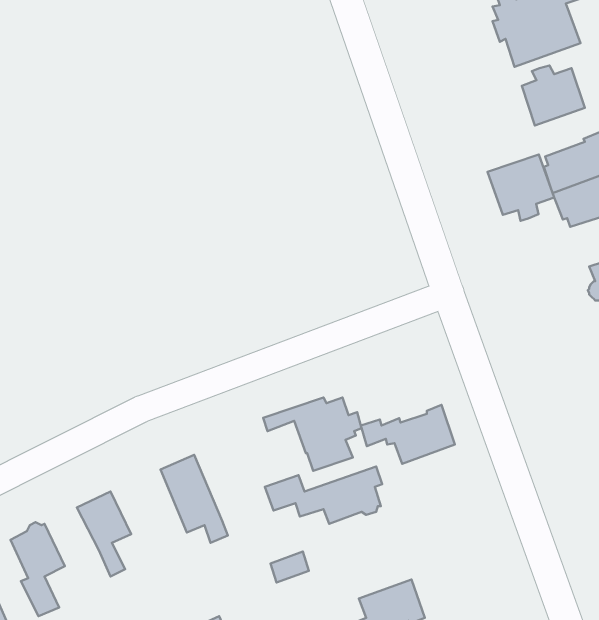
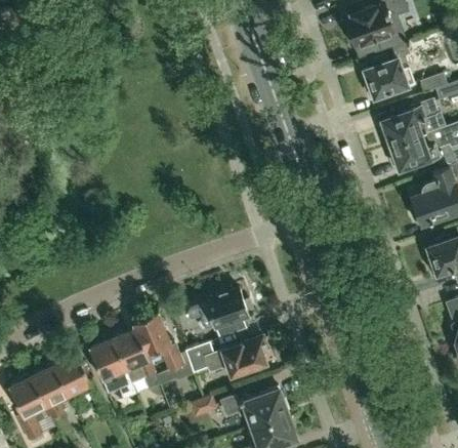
building: [487,155,554,221] -> none
building: [361,405,455,464] -> [222,389,288,430]
building: none -> [134,314,194,385]
building: none -> [88,339,134,397]
building: none -> [32,366,70,420]

